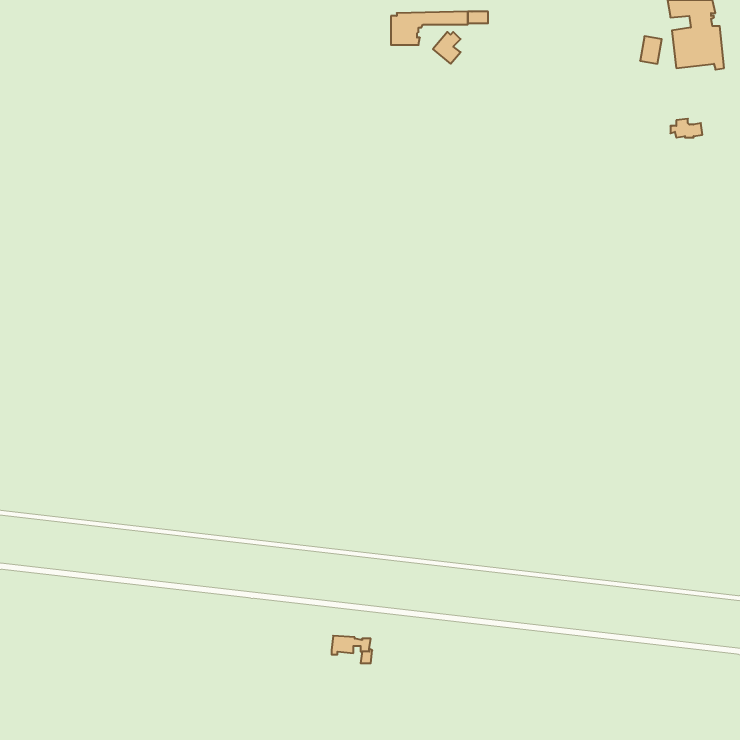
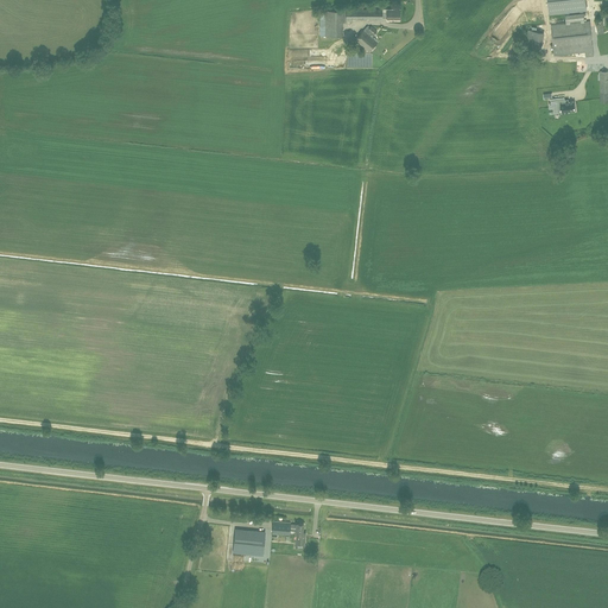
building: none -> [233,528,265,556]

